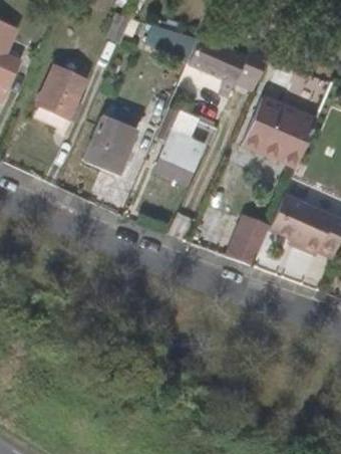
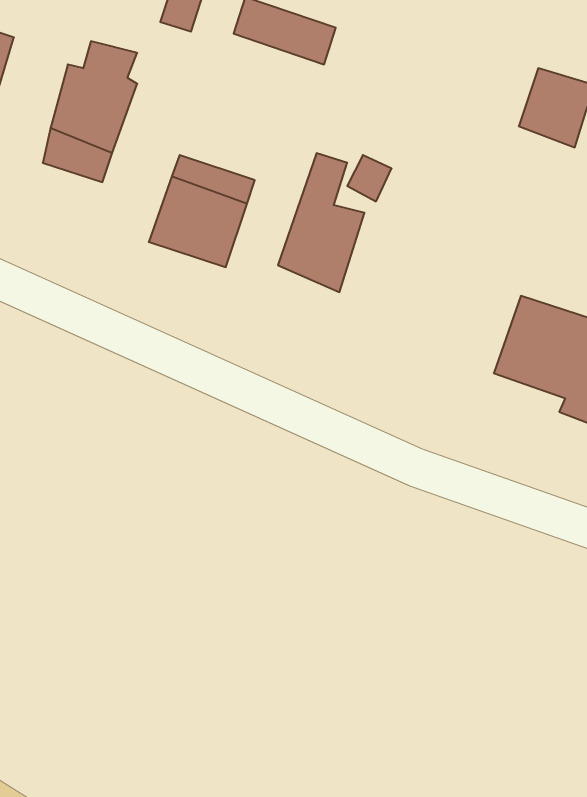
building: [185,47,260,87] -> none
building: [237,101,309,167] -> none
building: [225,211,271,265] -> none

